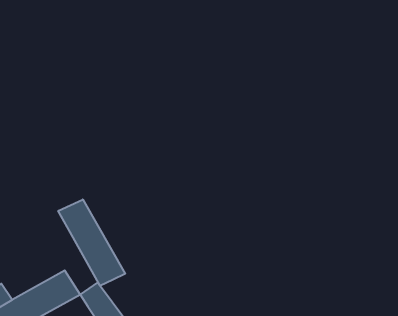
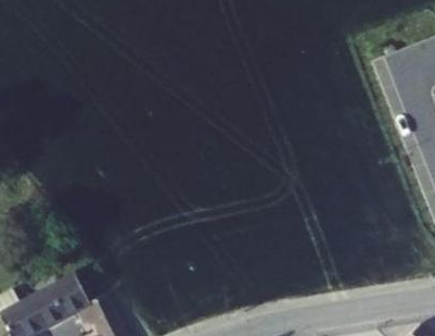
building: [58,199,125,286] -> none

